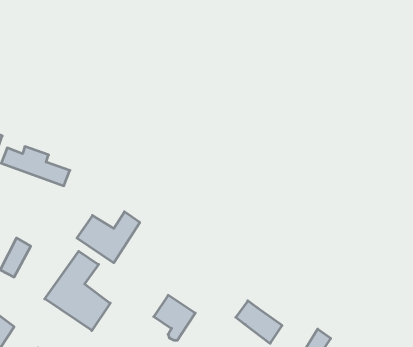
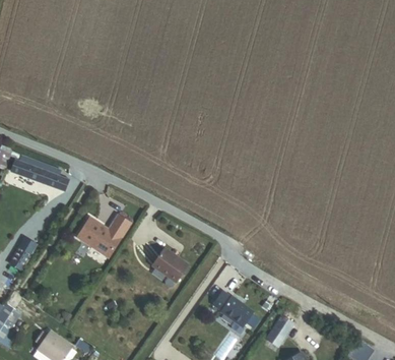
building: [45,251,110,331] -> none
building: [154,295,195,340] -> [150,245,186,284]

